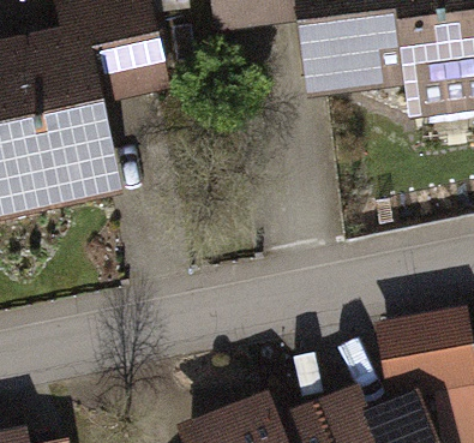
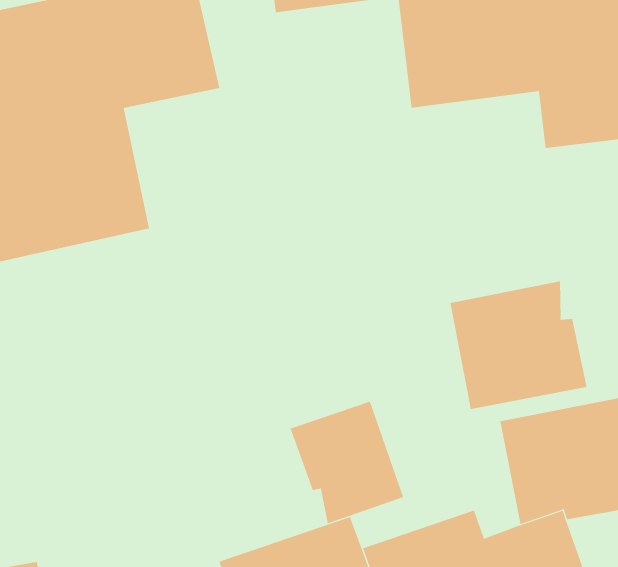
building: none -> [450,281,587,410]
building: none -> [290,401,404,524]

